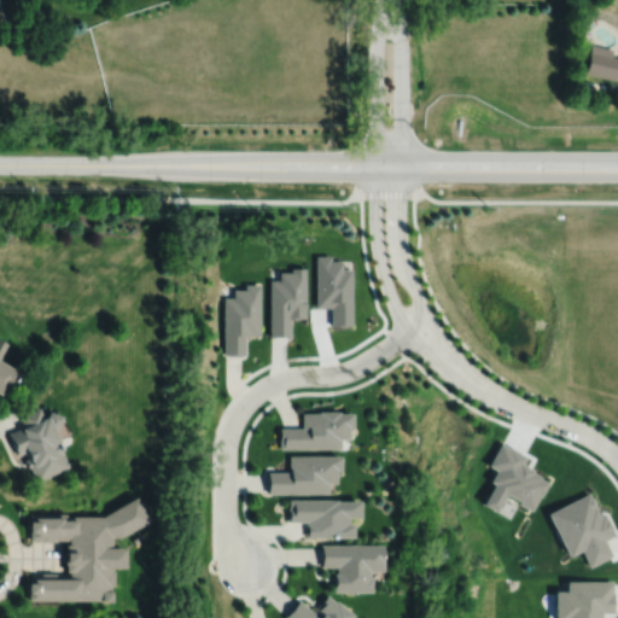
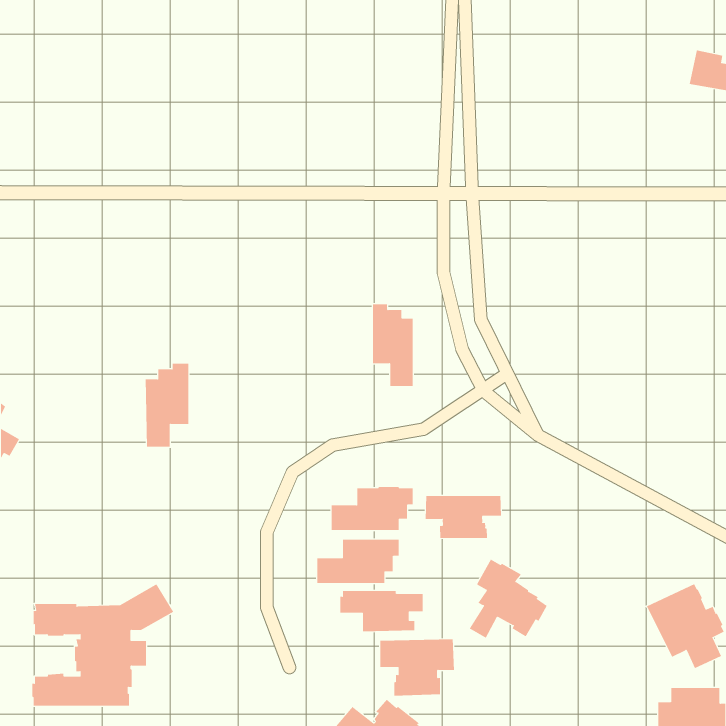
building: [273,269,308,339] -> none
building: [226,286,263,357] -> [145,363,189,447]
building: [10,410,70,484] -> none
building: none -> [425,495,501,539]
building: [482,445,548,513] -> [469,559,547,639]

